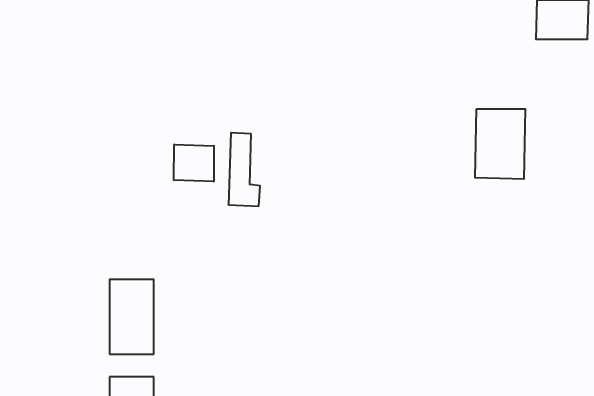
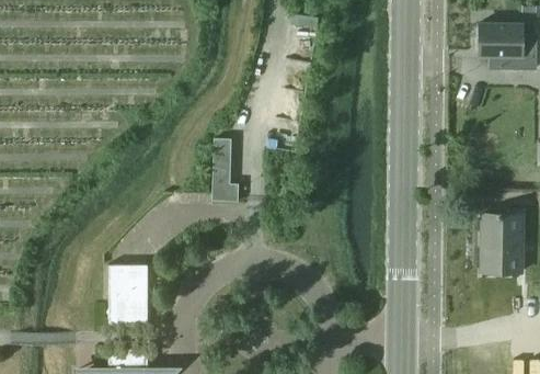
building: [475,109,526,179] -> [480,214,524,274]
building: [174,144,214,182] -> none

